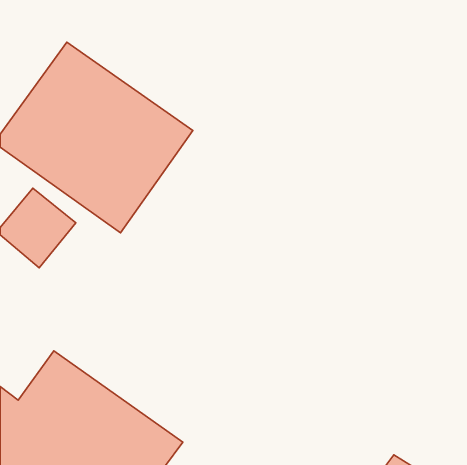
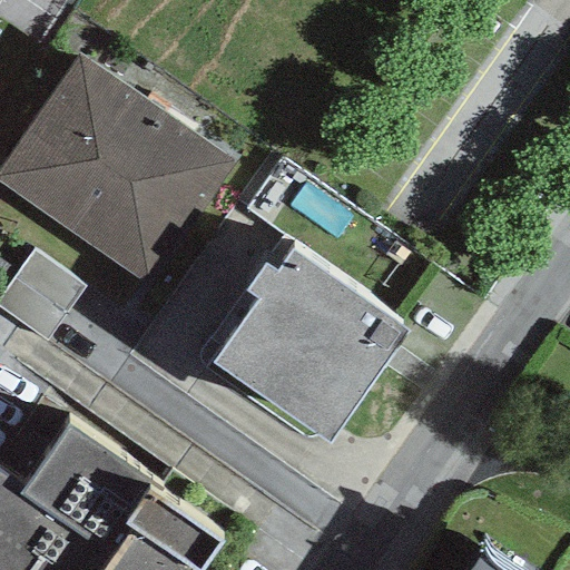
building: none -> [213,247,407,441]

